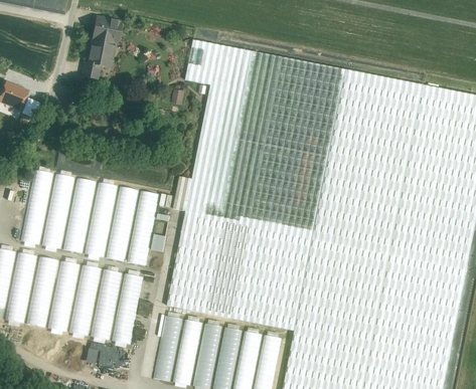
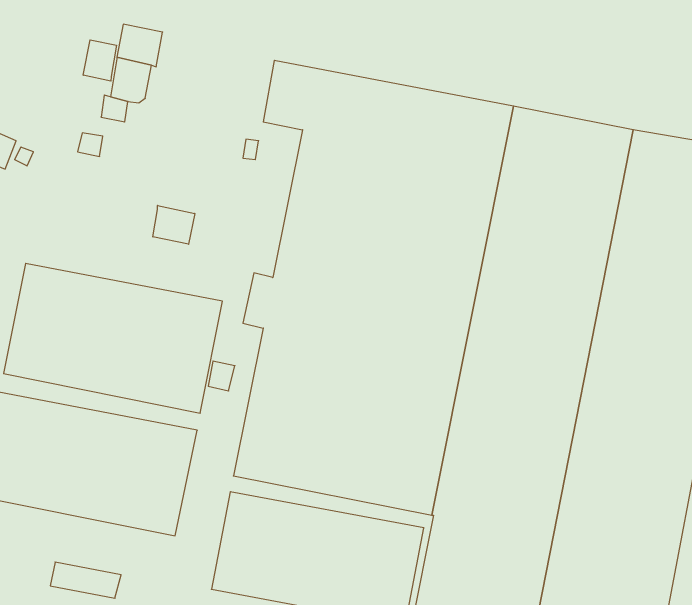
building: none -> [83,40,116,81]
building: none -> [153,205,195,244]
building: [86,344,131,367] -> [50,562,121,598]

